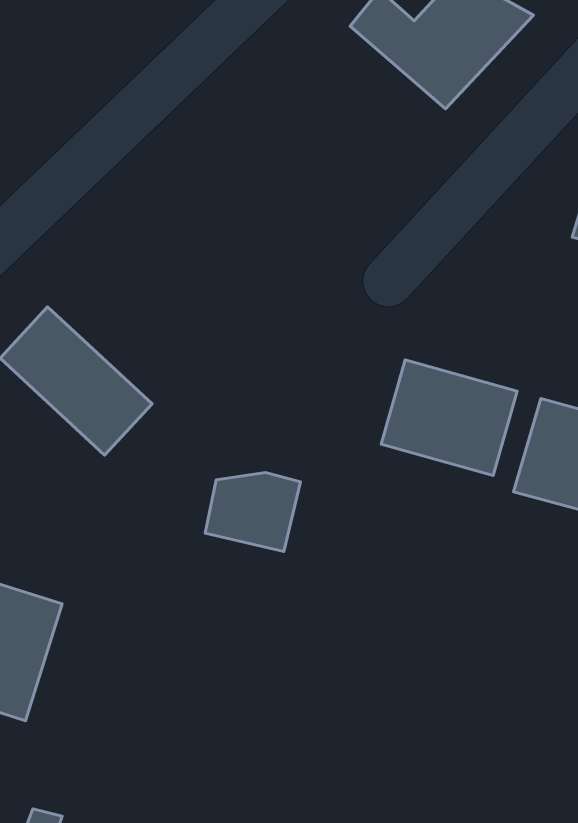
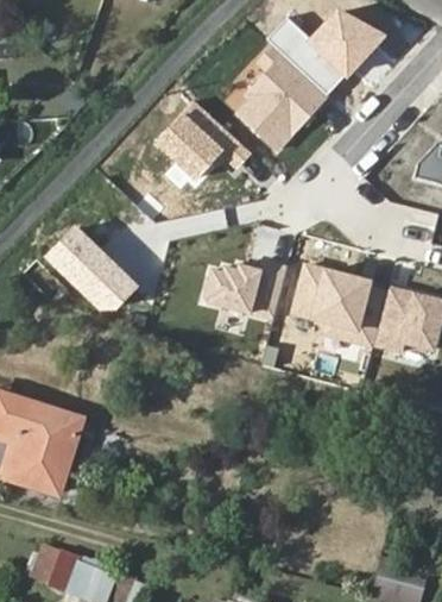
building: none -> [231,43,329,153]
building: none -> [154,101,252,181]
building: [205,473,300,551] -> [201,264,263,315]

